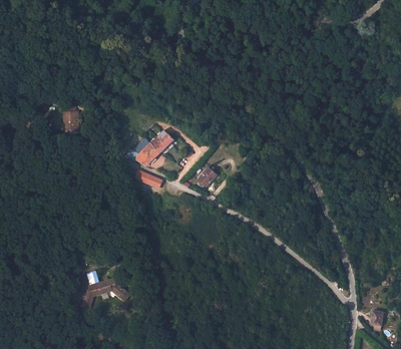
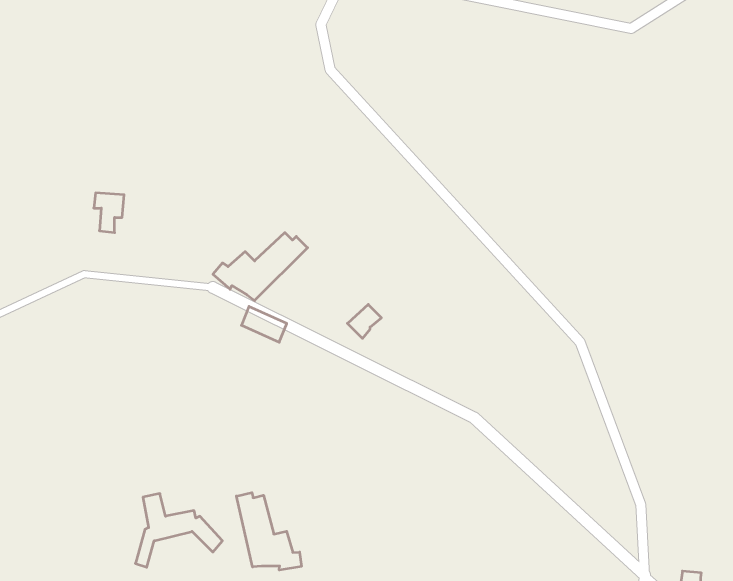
building: none -> [236,493,301,570]

